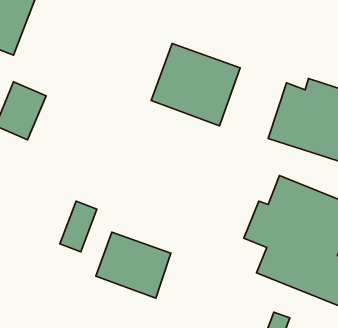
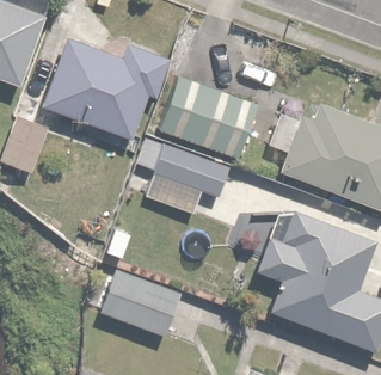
building: none -> [43,37,166,139]
building: none -> [135,140,234,214]

